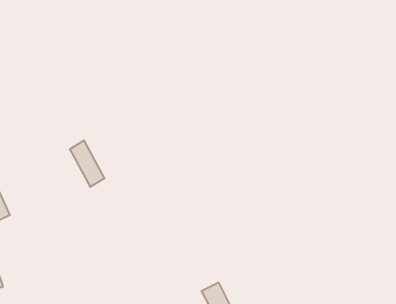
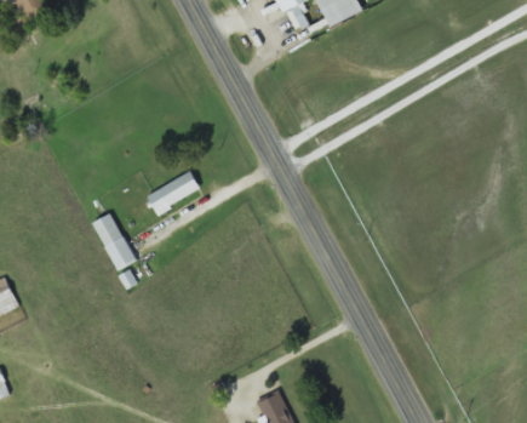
building: none -> [147,170,200,213]

